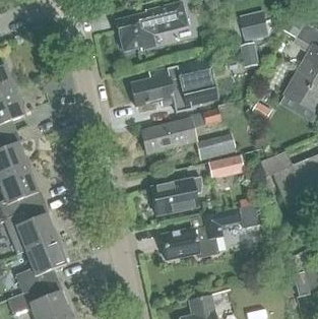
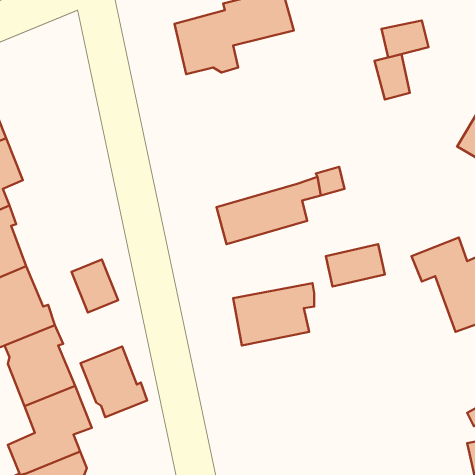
building: [132,56,216,110] -> none
building: [196,133,237,158] -> none
building: none -> [72,260,118,313]
building: [163,202,257,259] -> none
building: none -> [80,346,147,417]

